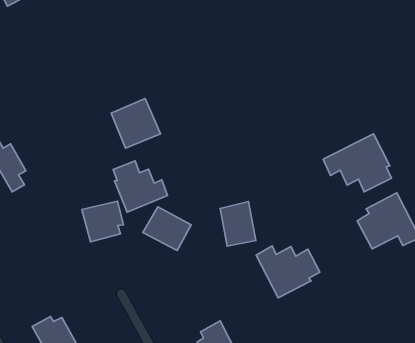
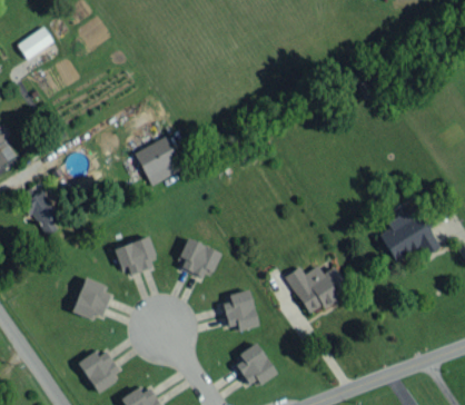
building: [323,134,391,192] -> none
building: [113,161,167,212] -> none
building: [220,202,256,246] -> [221,288,258,333]
building: none -> [73,277,110,320]

